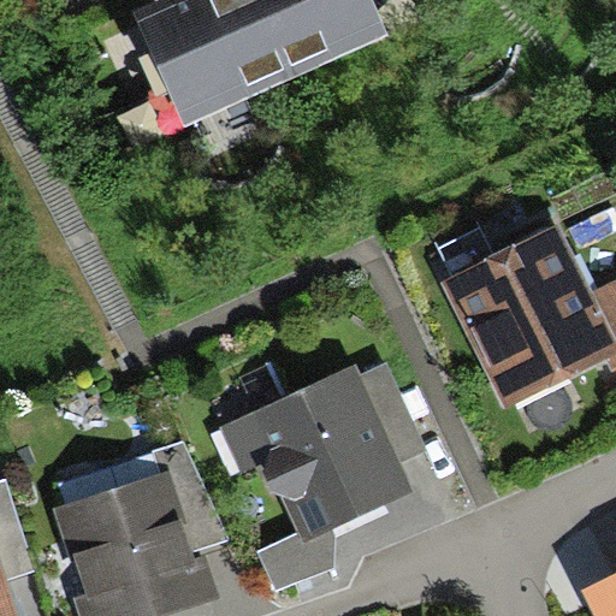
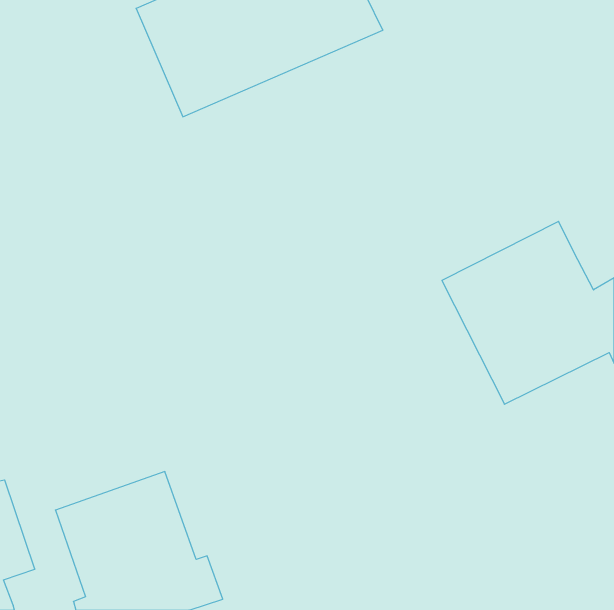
building: [224,371,411,594] -> none

